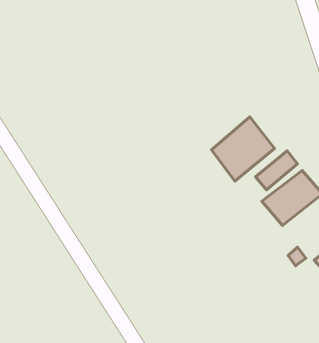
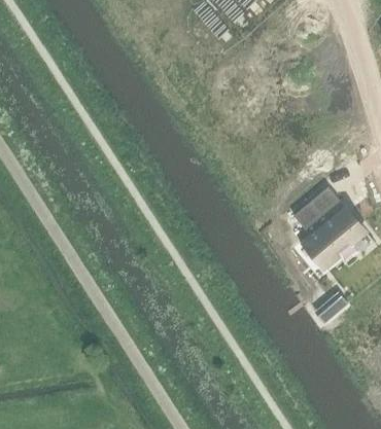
building: [211,117,274,181] -> none

